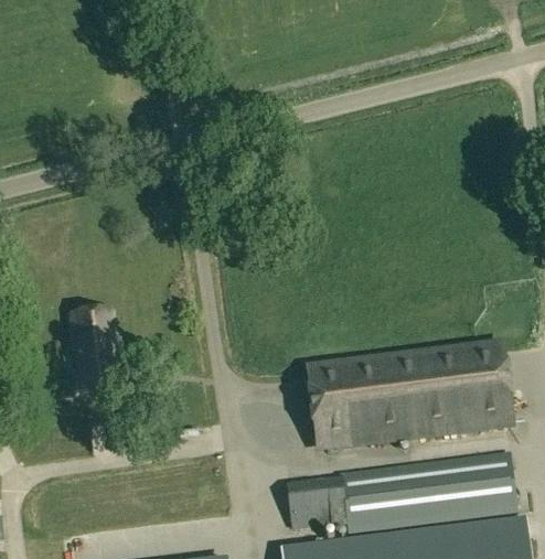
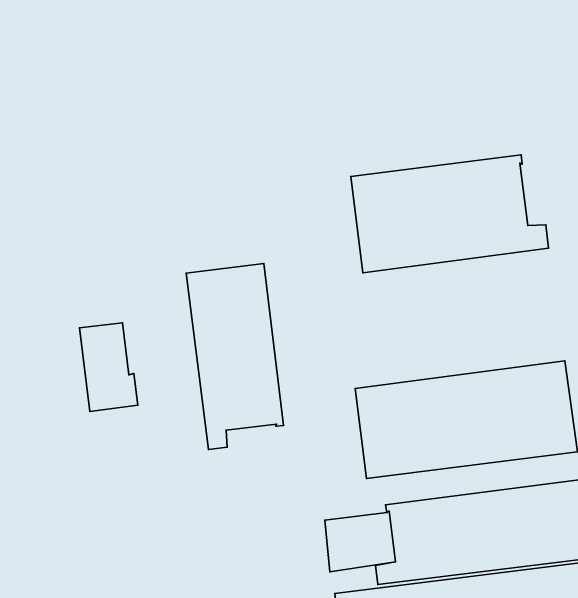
building: none -> [351,155,549,273]
building: none -> [186,264,283,449]

